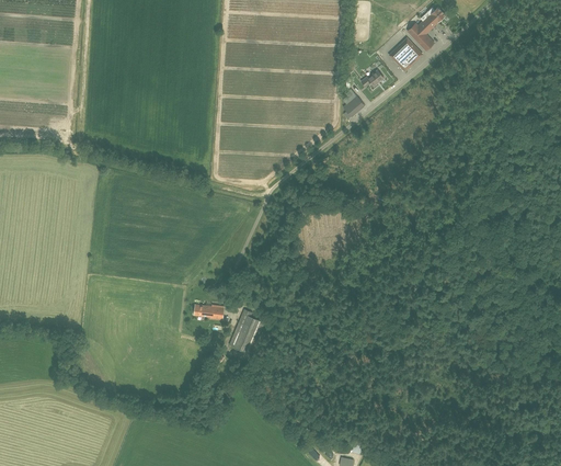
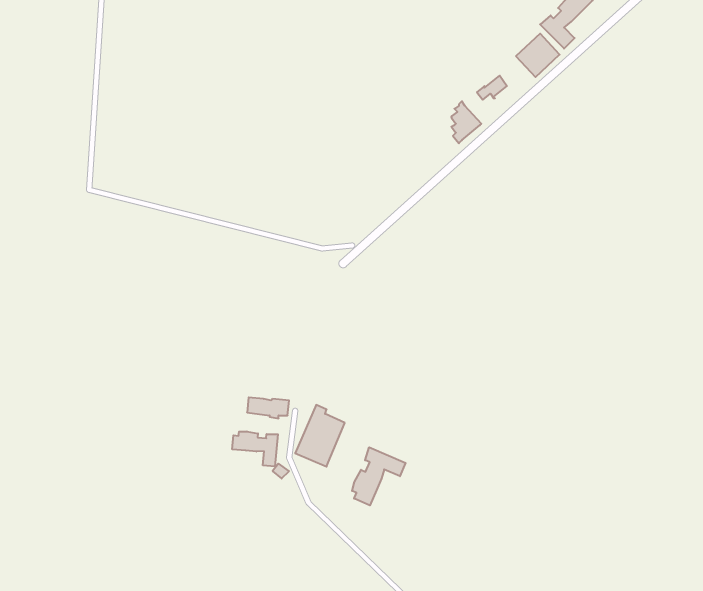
building: none -> [232,431,278,467]
building: none -> [352,447,406,505]

